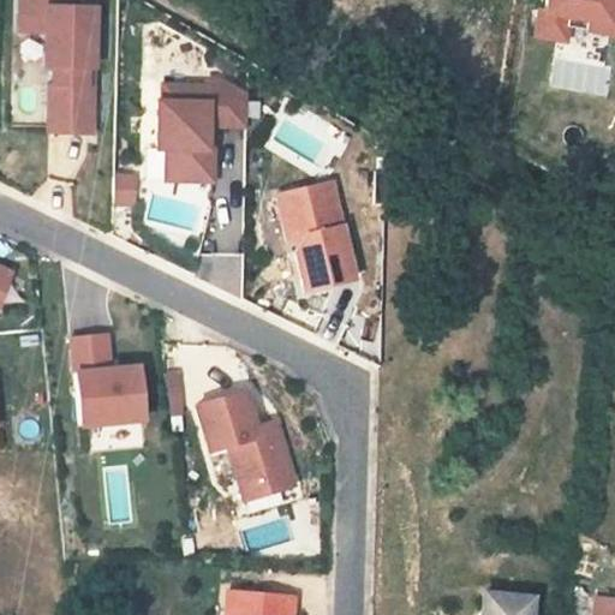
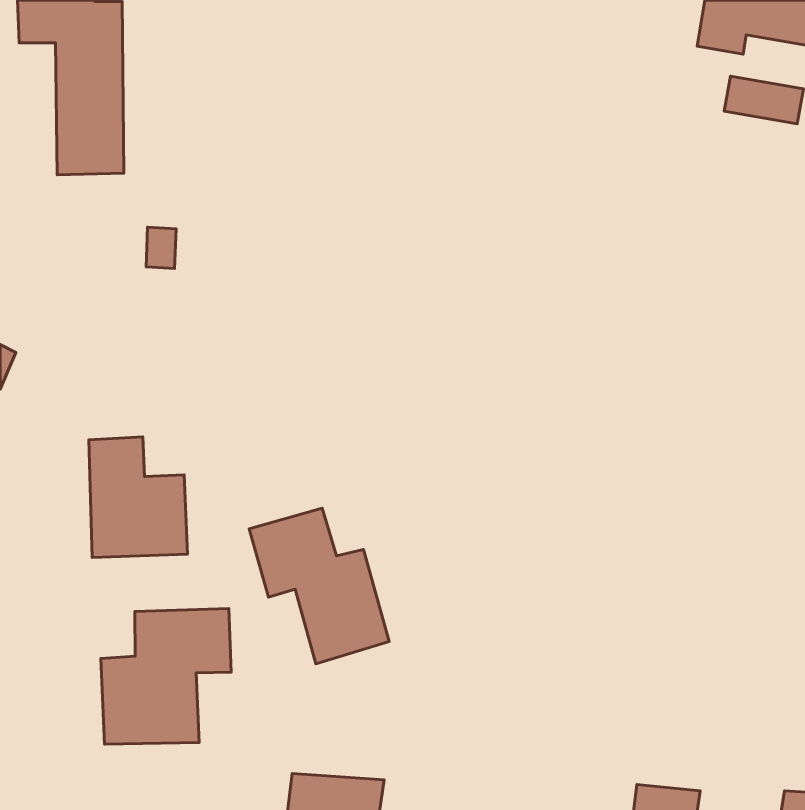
building: [156,80,251,183] -> none
building: [277,177,359,292] -> none
building: none -> [101,608,231,744]

